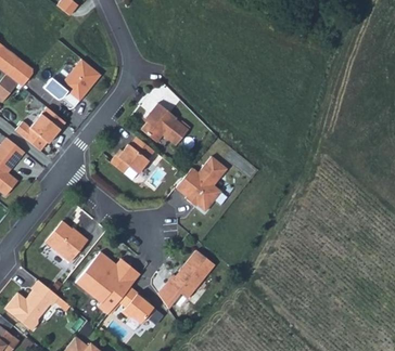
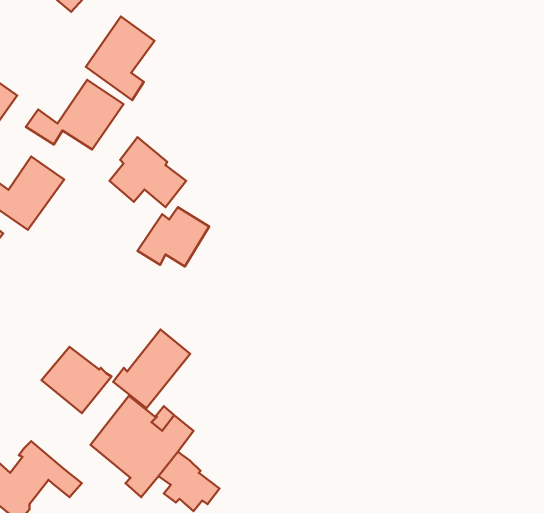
building: none -> [86,16,154,100]
building: [142,103,190,146] -> [110,137,186,207]
building: [177,157,228,212] -> none
building: [168,250,216,299] -> [113,330,190,408]

